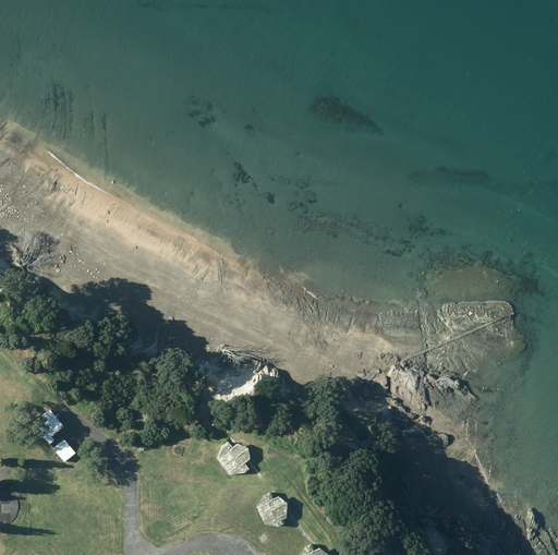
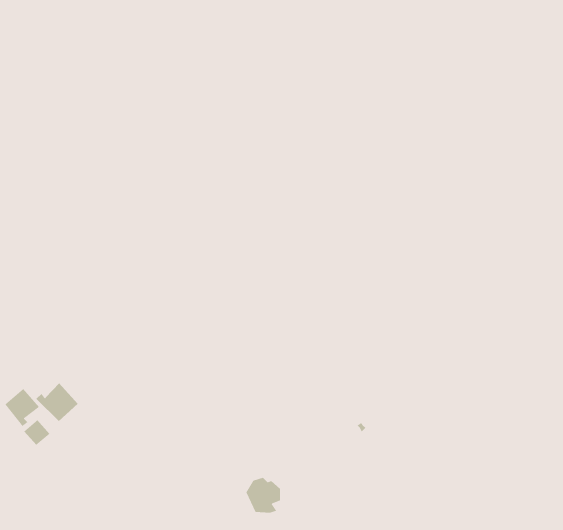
building: none -> [36,383,79,422]
building: [217,443,251,475] -> none

